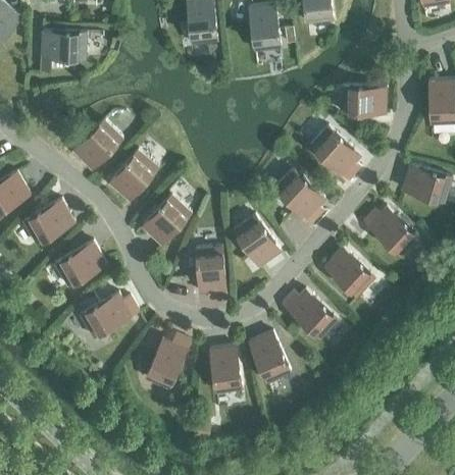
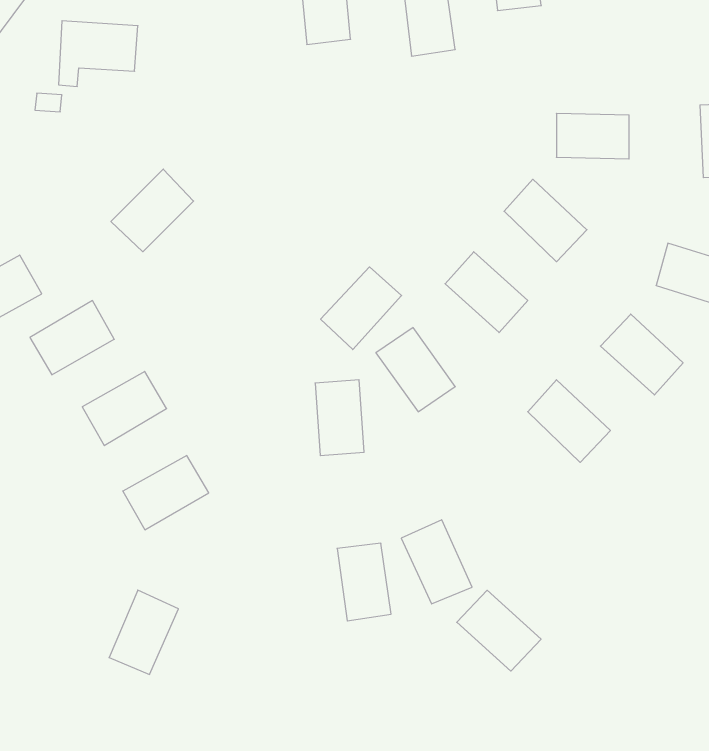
building: [109,150,158,201] -> none
building: [142,195,191,245] -> [321,267,402,350]
building: [287,289,338,338] -> [457,590,541,671]
building: [145,337,187,388] -> [109,590,178,674]

